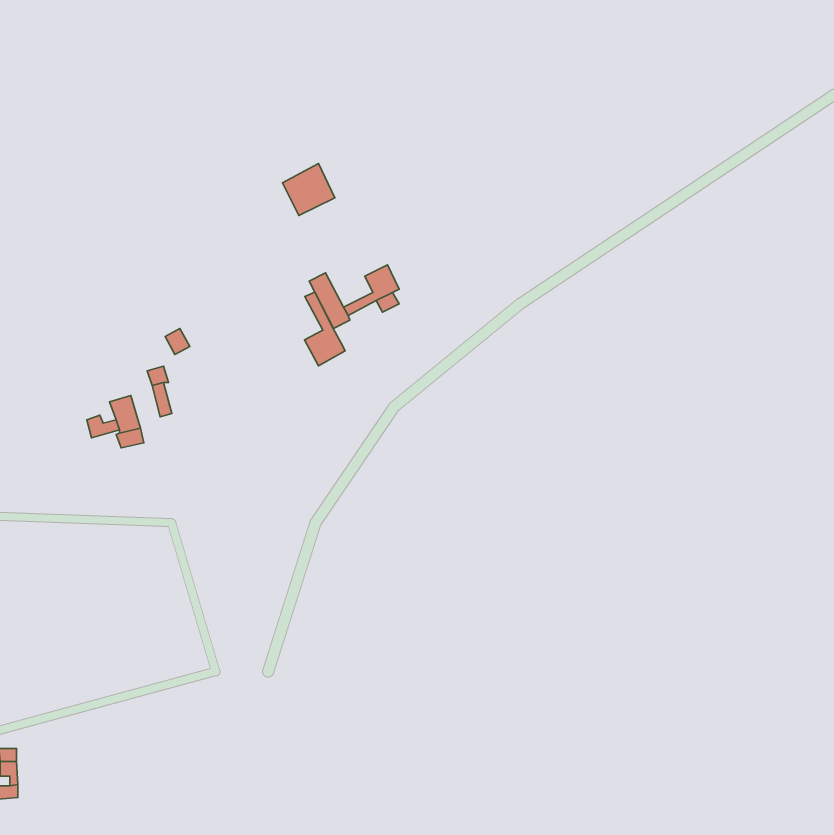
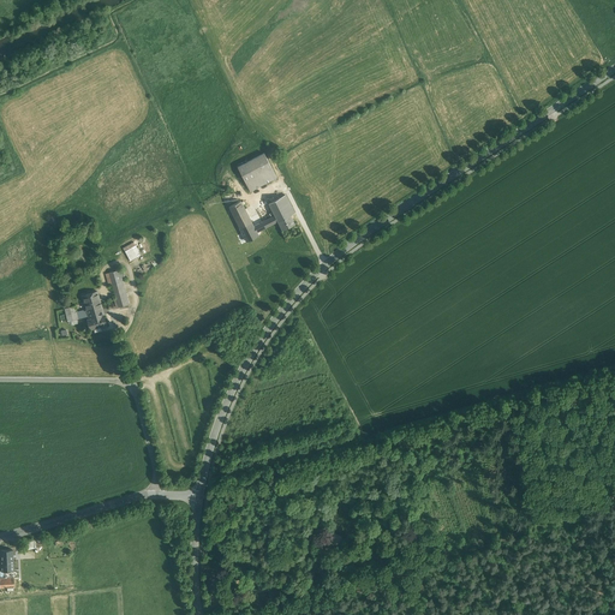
building: [283,163,335,216] -> [237,153,275,191]
building: [305,292,345,366] -> none

